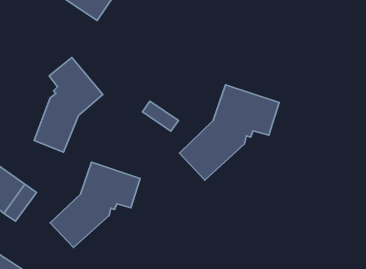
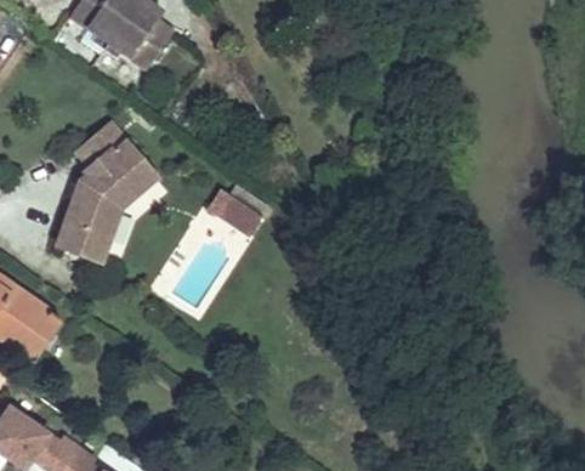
building: [179,85,279,180] -> none
building: [50,162,140,247] -> none

